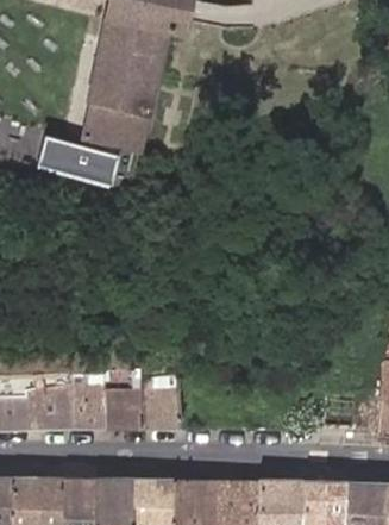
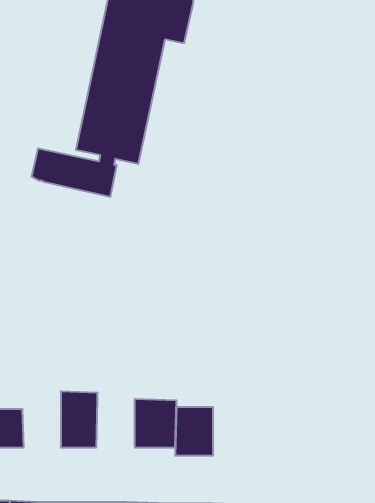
building: [105,383,140,429] -> [175,407,213,456]
building: [36,393,71,429] -> none

